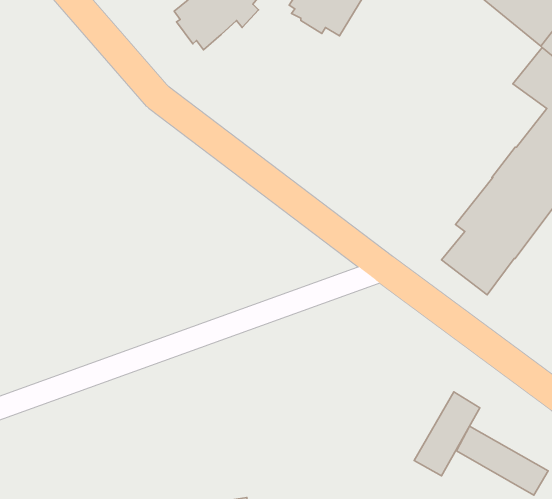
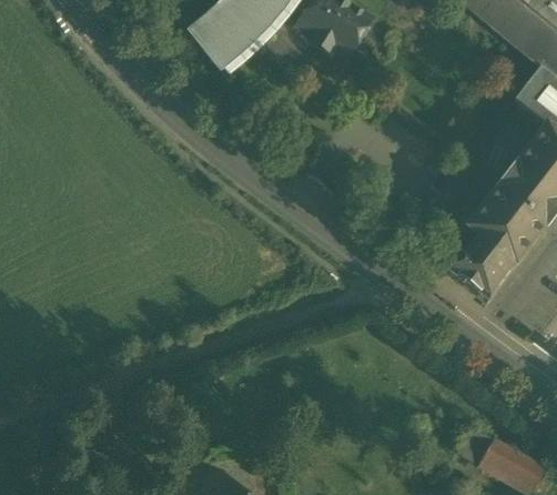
building: [414,392,480,476] -> none

